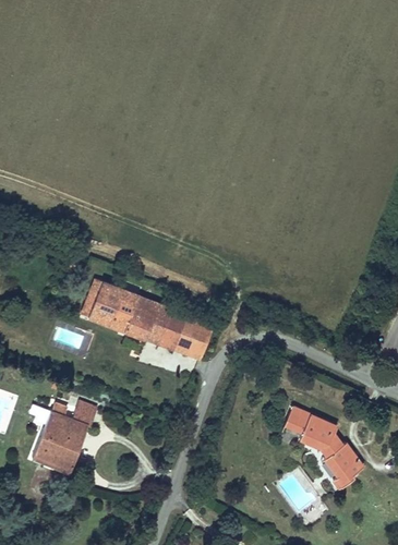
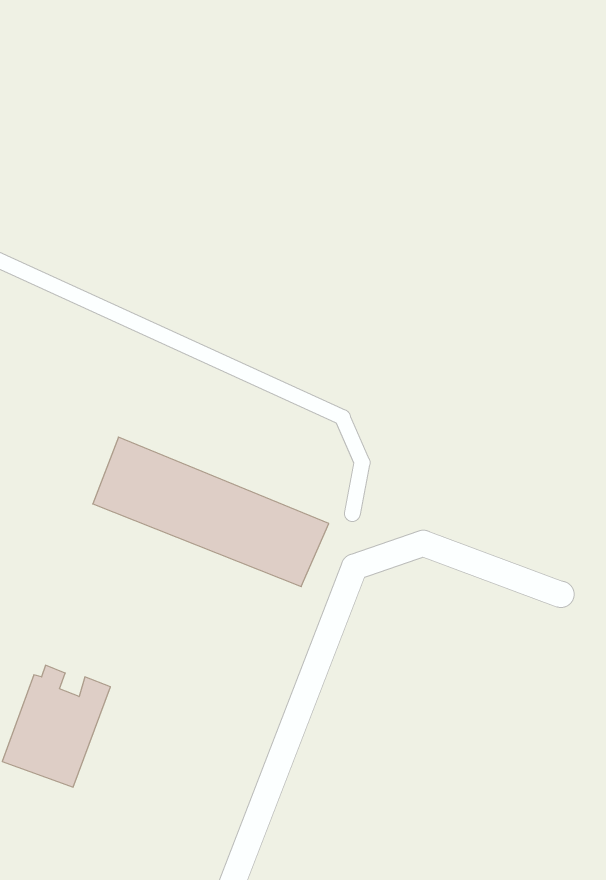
building: [282,404,360,485] -> none

